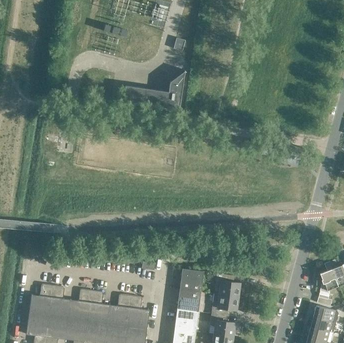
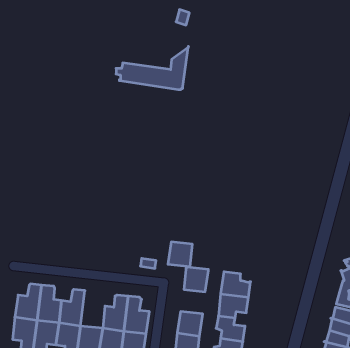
building: [177,289,199,311] -> [168,242,192,266]
building: [87,290,109,324] -> none

